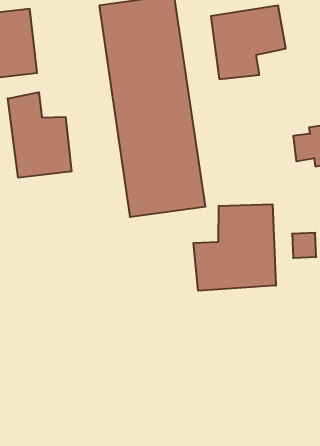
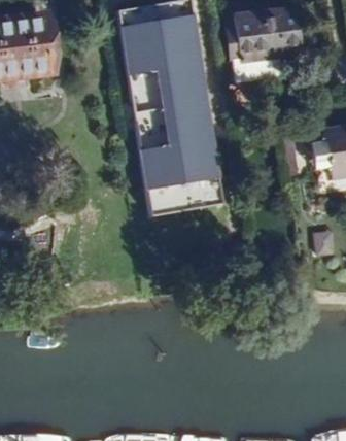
building: [8,92,72,178] -> none
building: [194,204,276,291] -> none

